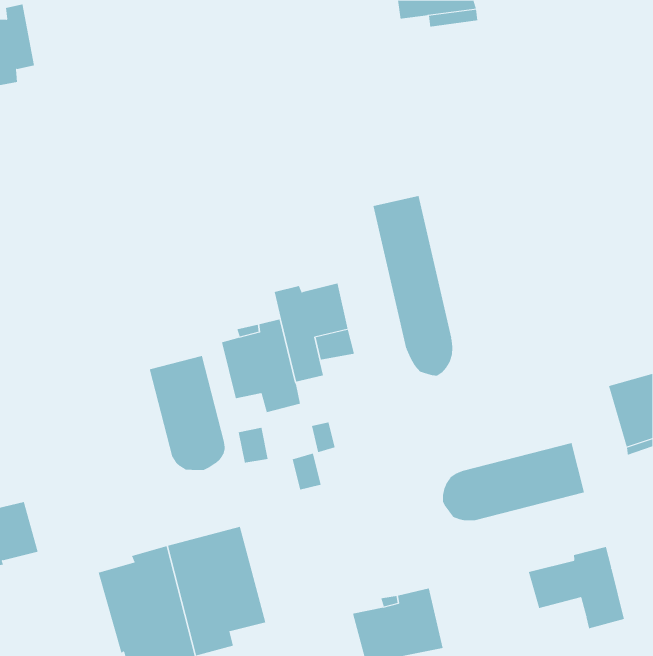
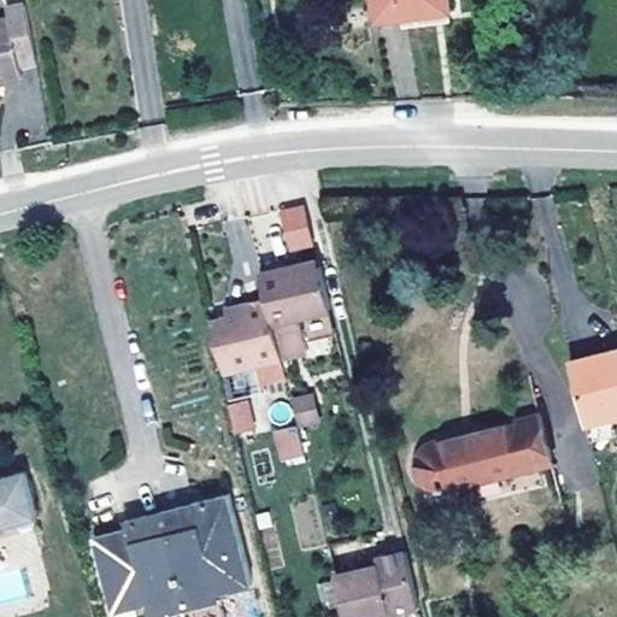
building: [373,195,453,376] -> none
building: none -> [272,204,311,254]
building: [149,355,225,471] -> none
building: [528,546,624,629] -> none

